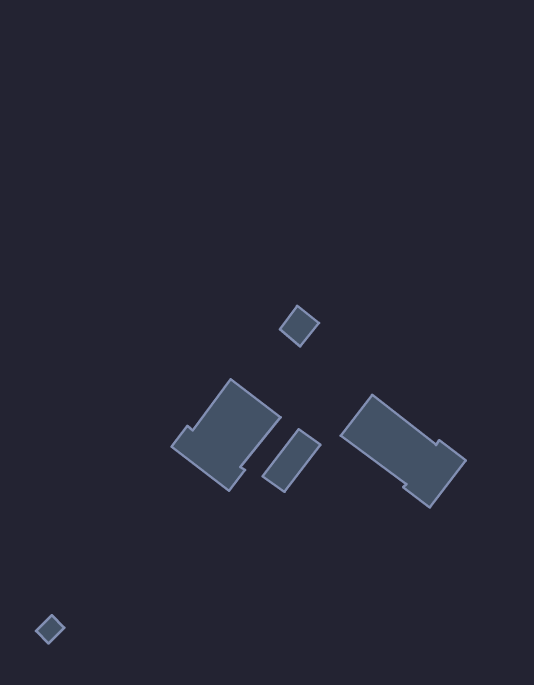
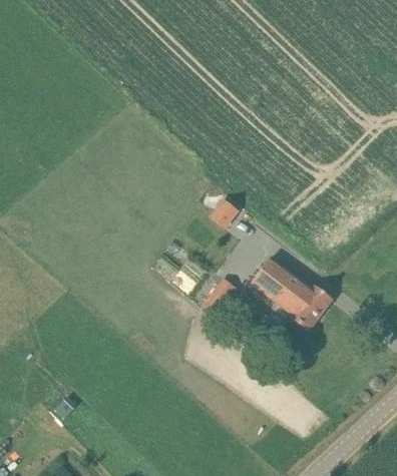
building: [172,379,281,491] -> none

